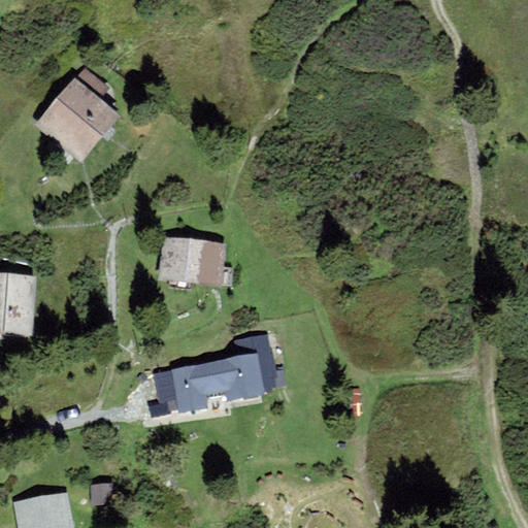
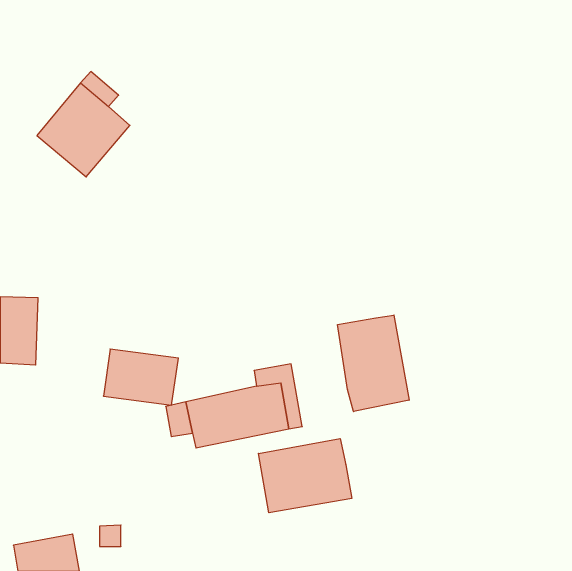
building: [157,236,226,288] -> [103,349,178,405]
building: none -> [338,315,409,412]
building: none -> [258,439,352,513]

